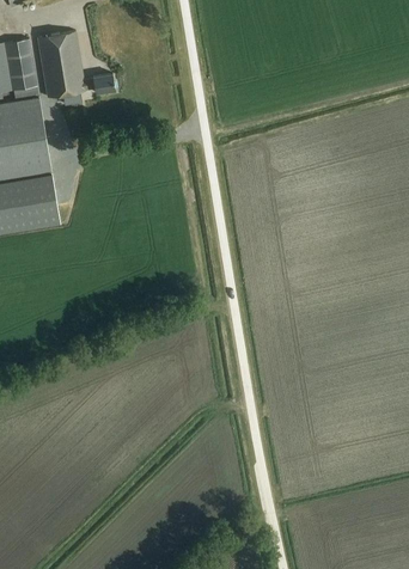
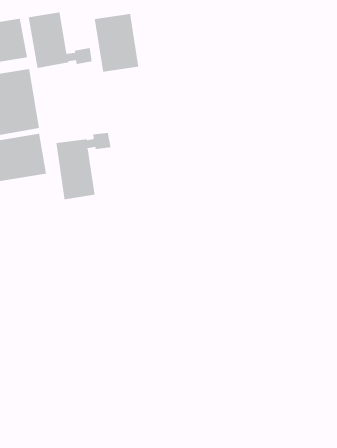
building: none -> [94,13,139,72]
building: none -> [56,132,111,200]

